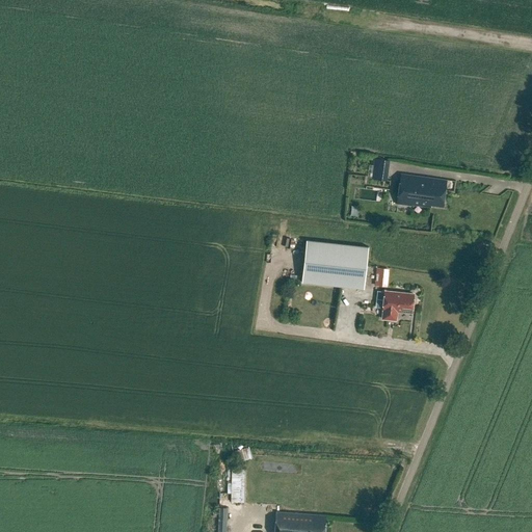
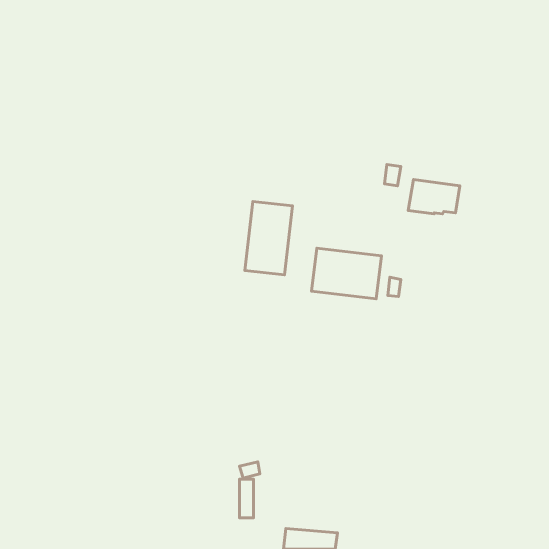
building: none -> [245,202,293,275]
building: [382,291,414,320] -> none

